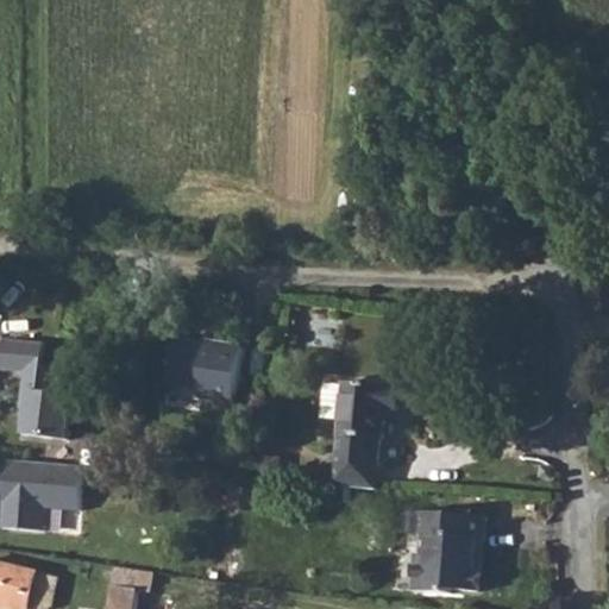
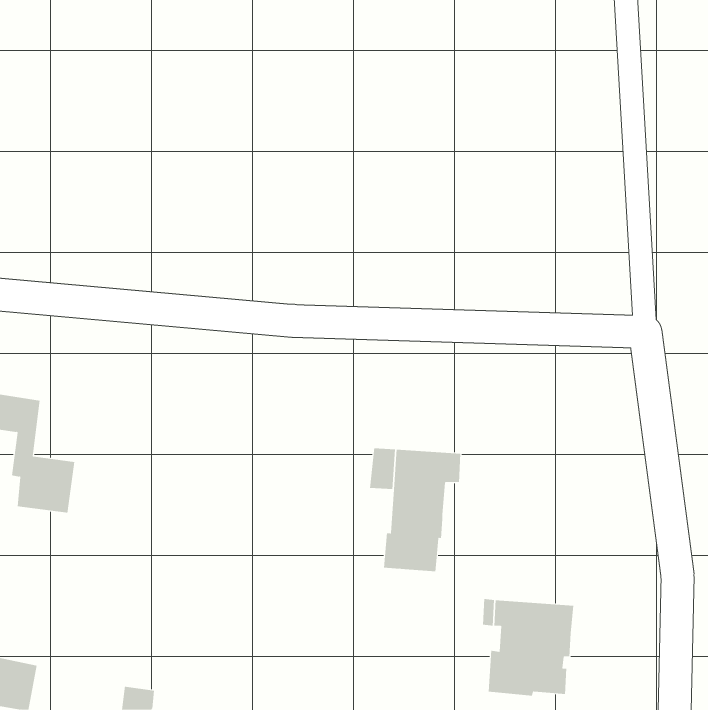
building: [167,340,237,400] -> none
building: [5,460,83,532] -> none

